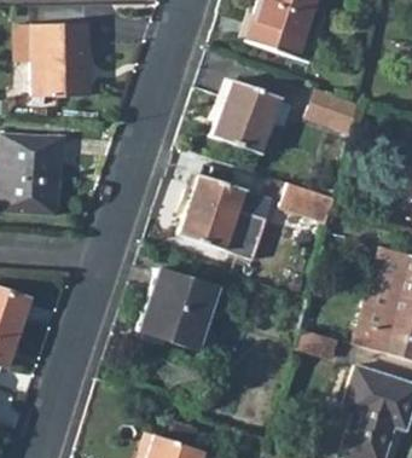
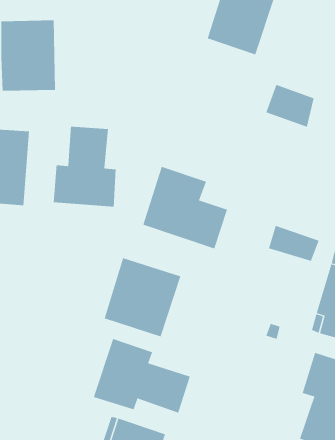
building: [211,79,280,153] -> none
building: none -> [53,126,116,208]
building: [280,182,333,220] -> [268,225,320,261]
building: none -> [93,338,191,413]

